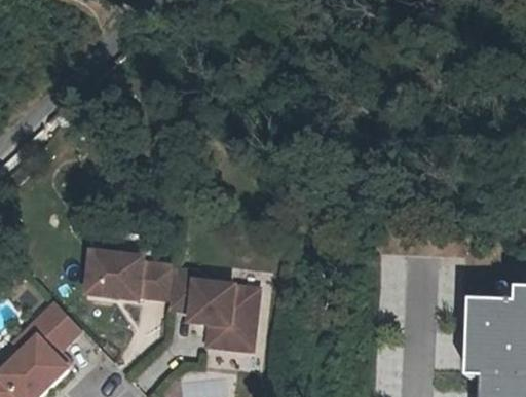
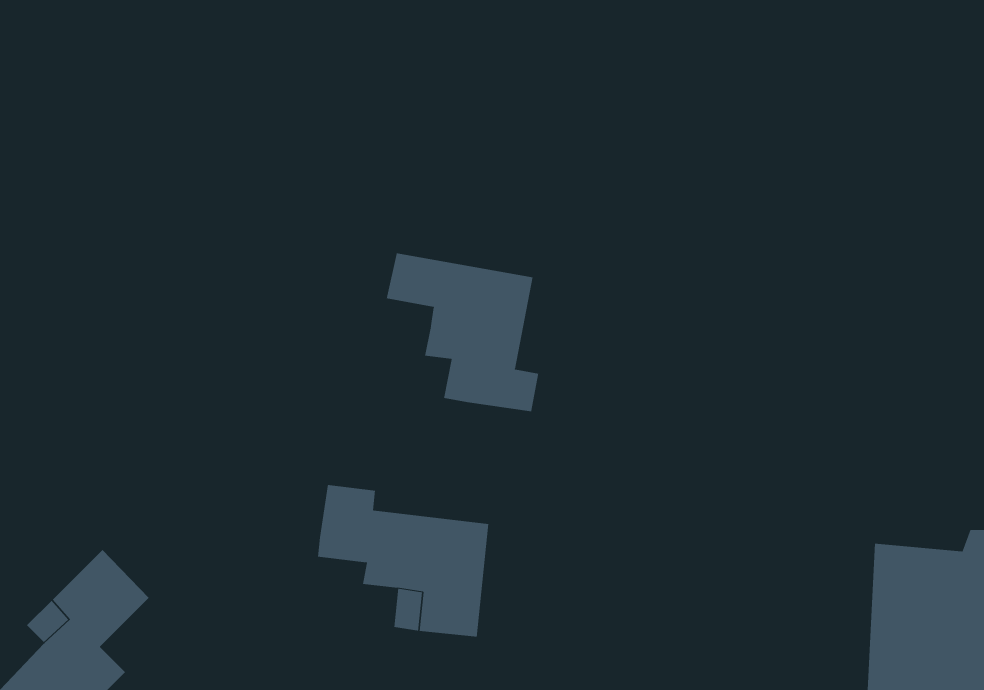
building: none -> [386,252,539,412]
building: [92,253,177,298] -> none

